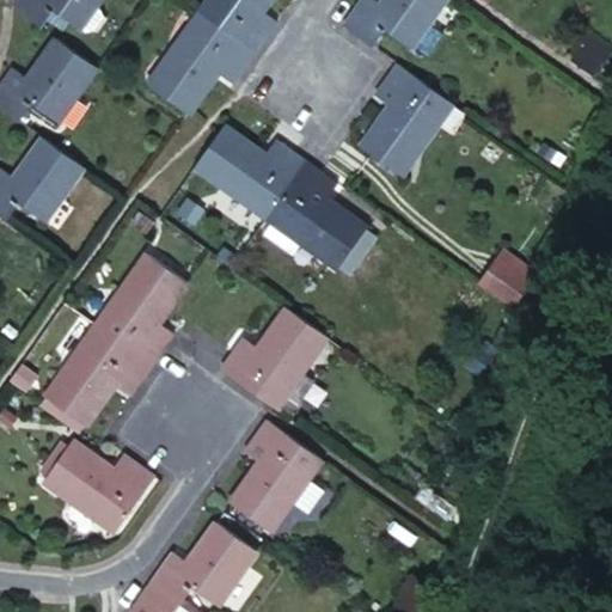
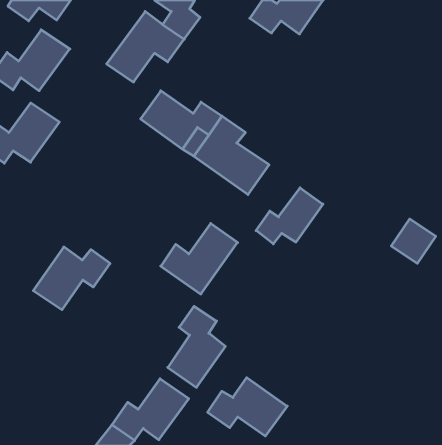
building: [359,63,454,179] -> none
building: [472,249,533,310] -> [391,219,436,263]
building: [98,252,189,362] -> none
building: none -> [256,188,323,244]
building: [49,445,161,533] -> none
building: none -> [208,378,287,436]

